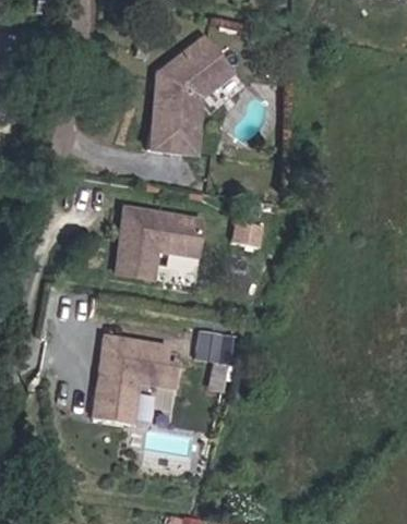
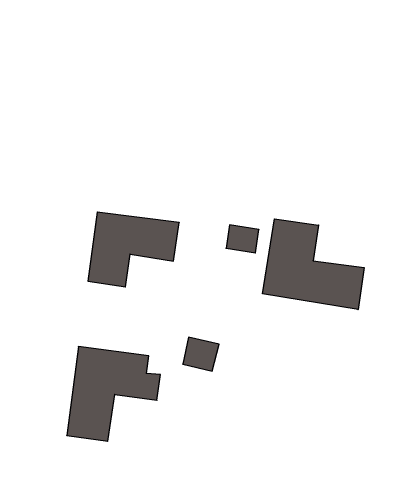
building: [149,37,229,155] -> none
building: none -> [263,219,364,310]

